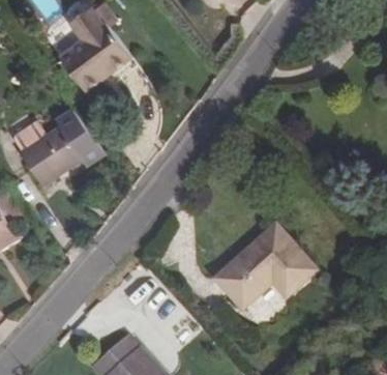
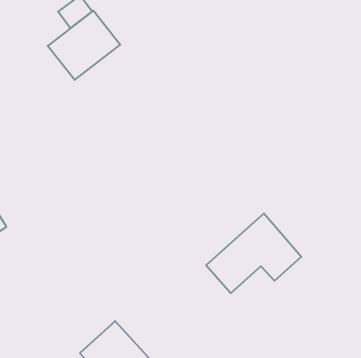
building: [14,117,100,186] -> none

